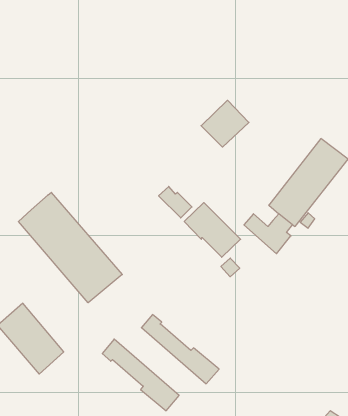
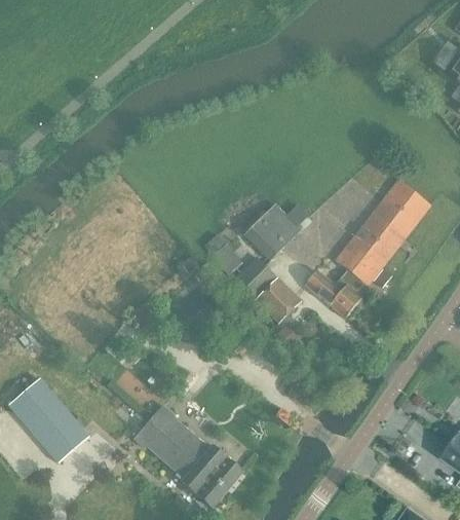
building: [201,100,249,147] -> [243,202,301,259]
building: [18,192,122,303] -> none
building: [141,315,219,384] -> [149,405,242,488]

